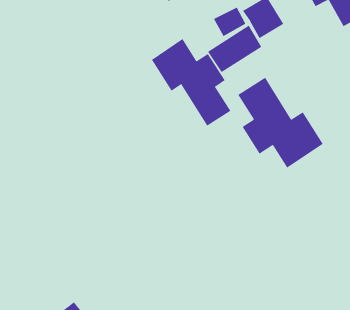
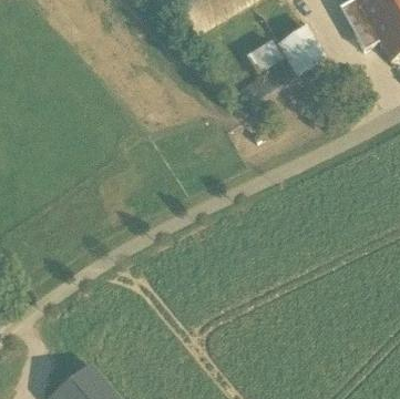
building: [151,38,231,126] -> none
building: [238,77,323,168] -> none

